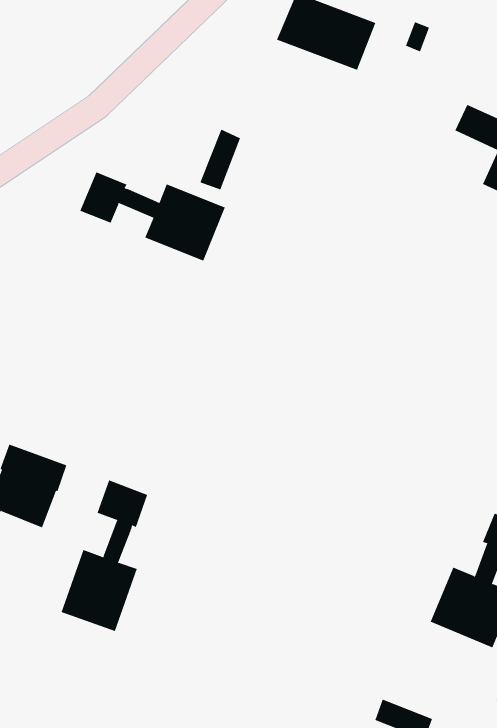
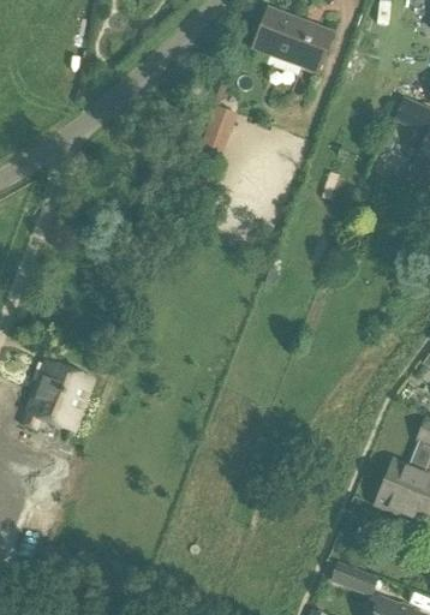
building: [80,172,225,261] -> none
building: [61,480,148,632] -> none

